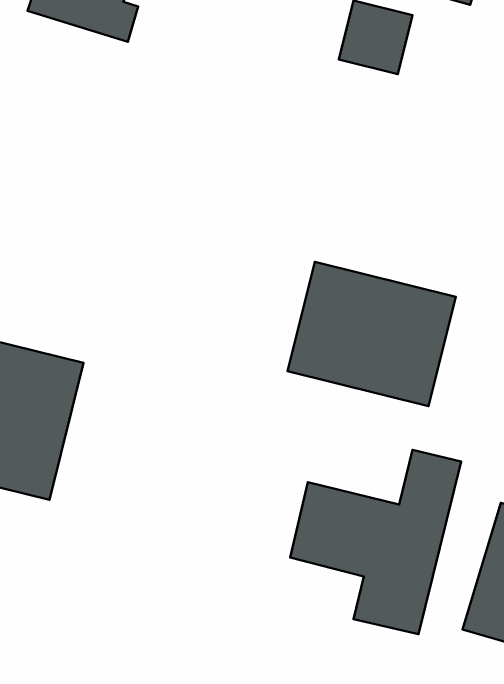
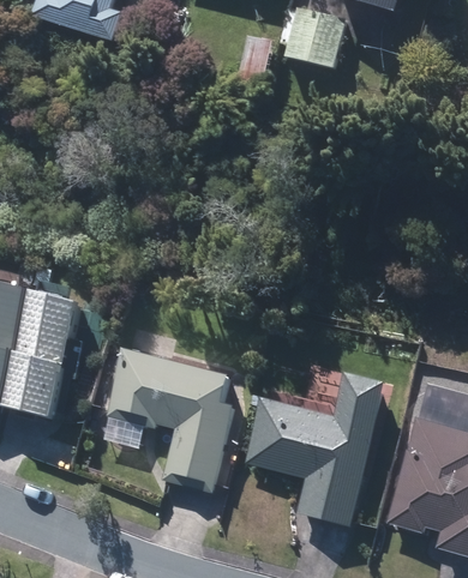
building: [288,262,456,406] -> none
building: none -> [108,349,233,490]

